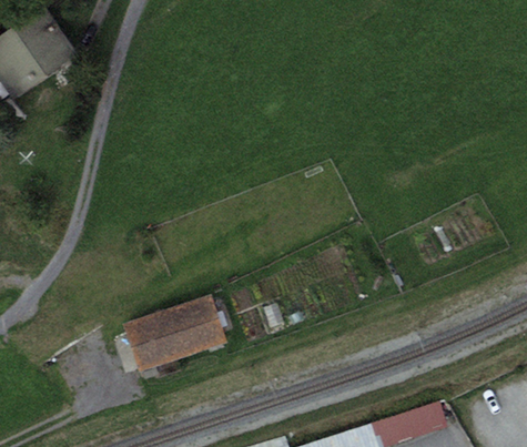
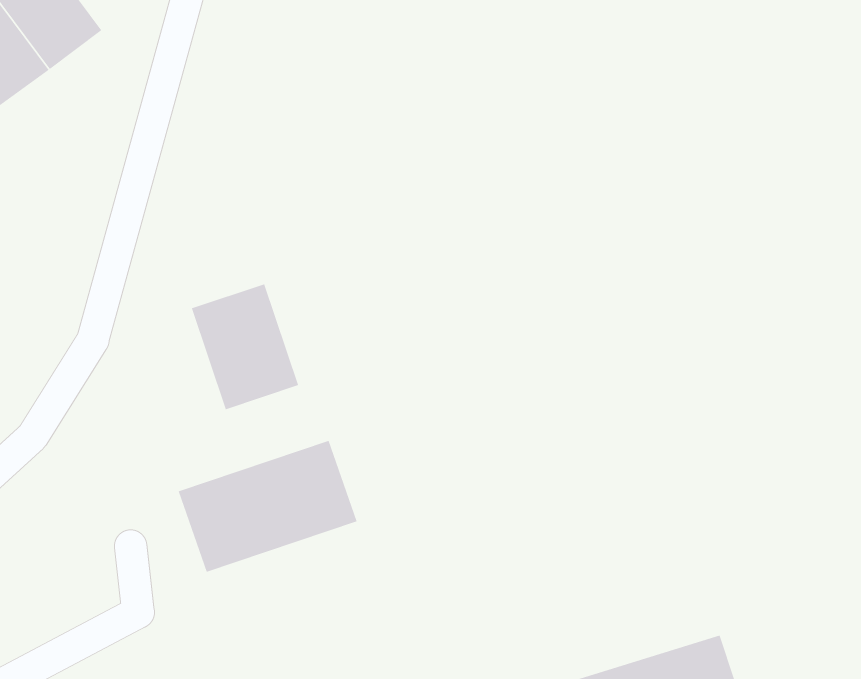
building: none -> [191,283,299,410]

